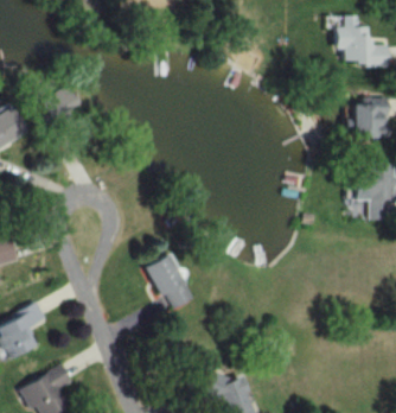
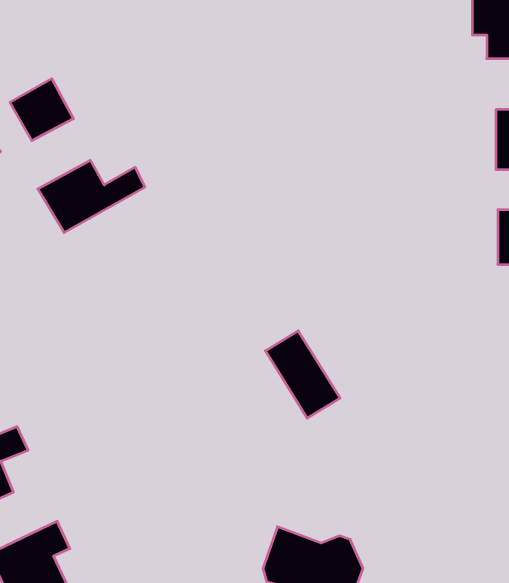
building: none -> [38,160,145,233]
building: [147,254,196,311] -> [265,331,340,418]

